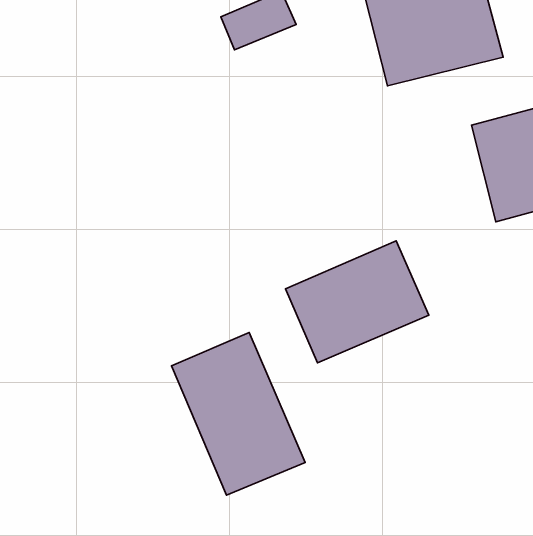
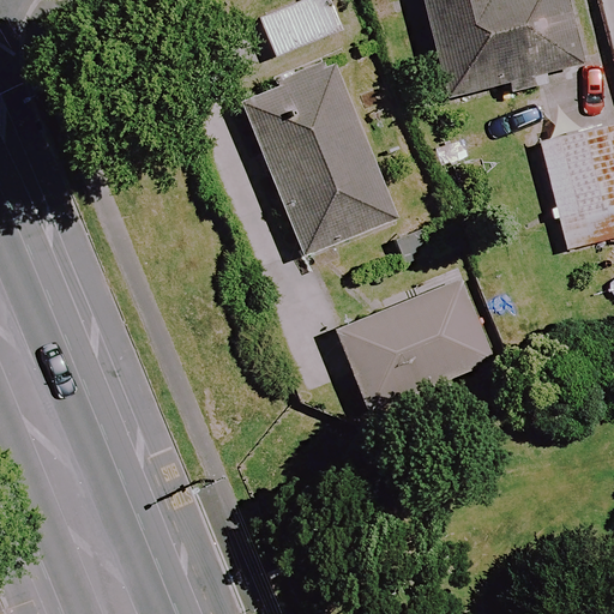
building: none -> [242,60,397,254]
building: [171,332,305,495] -> none

